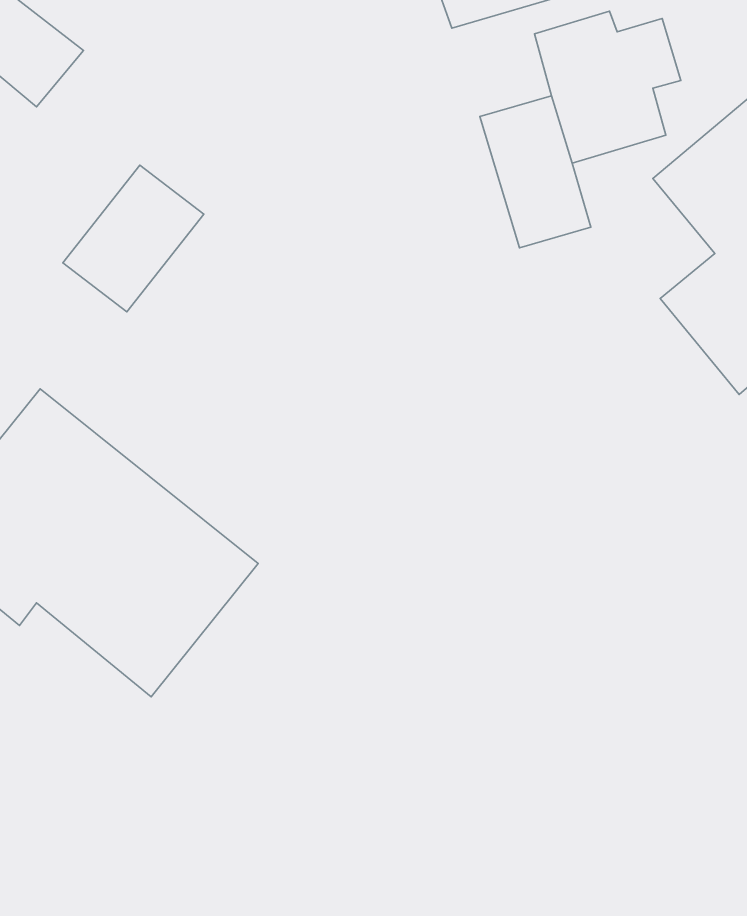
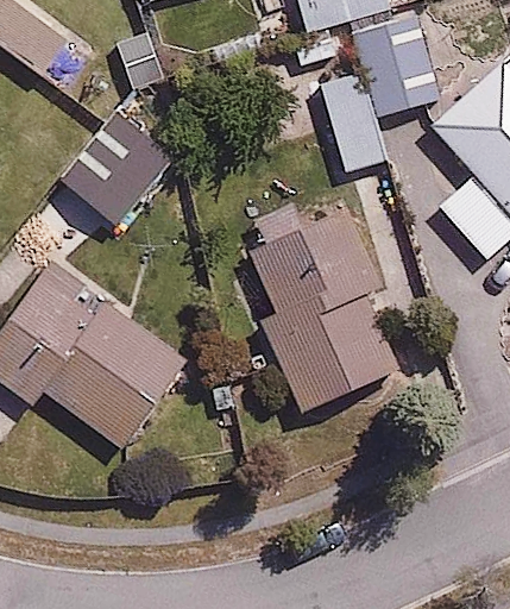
building: none -> [246,216,404,408]

